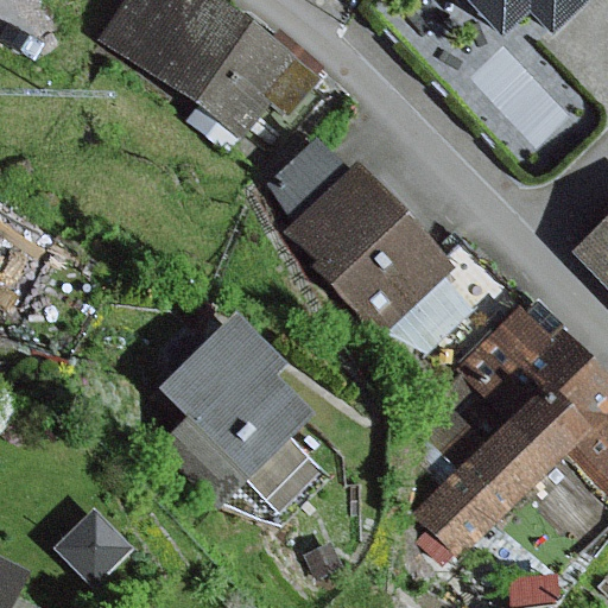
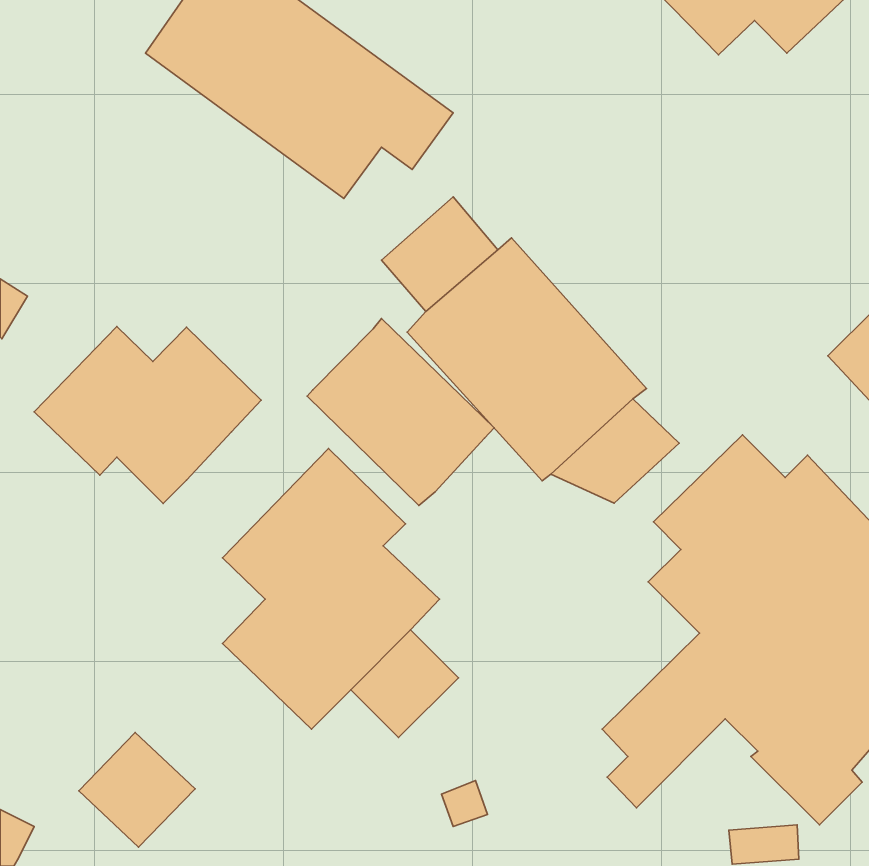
building: none -> [307,319,494,506]
building: none -> [34,326,261,503]

